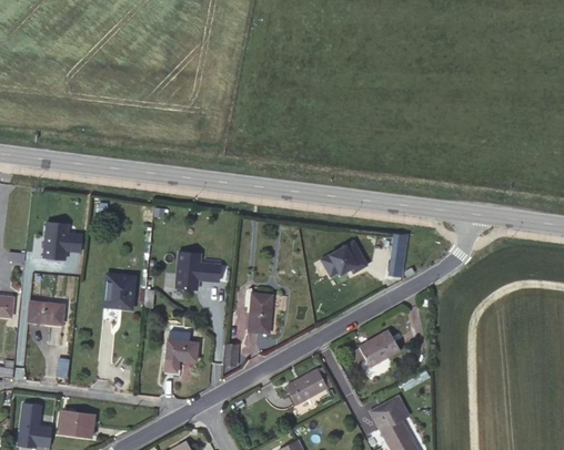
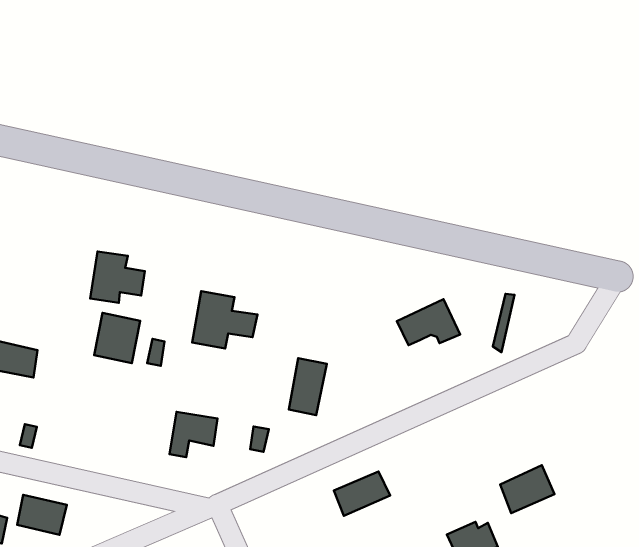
building: [44,223,82,258] -> [90,252,145,303]
building: [360,329,400,366] -> [500,465,554,513]

